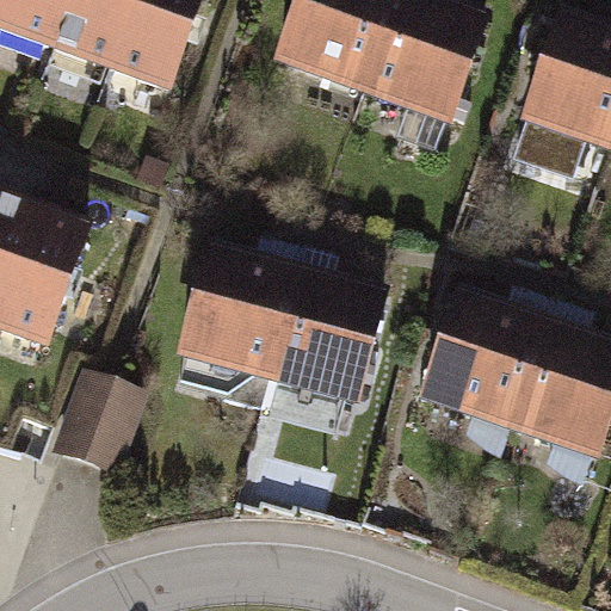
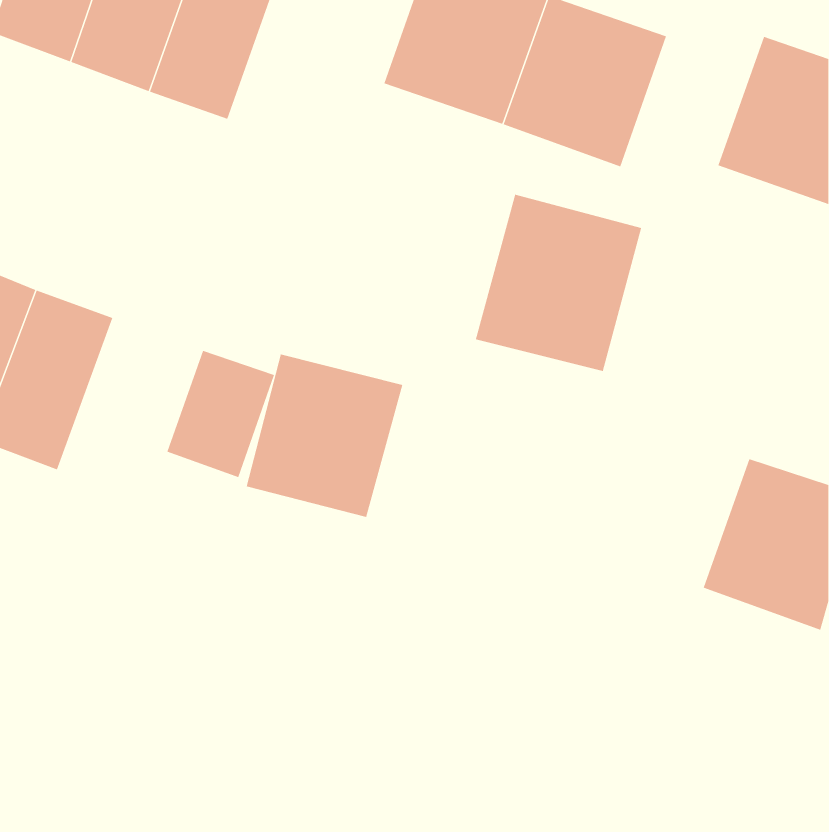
building: none -> [475,194,642,372]
building: [267,280,382,402] -> none
building: [425,303,545,428] -> none
building: [57,377,136,470] -> [167,350,275,478]

